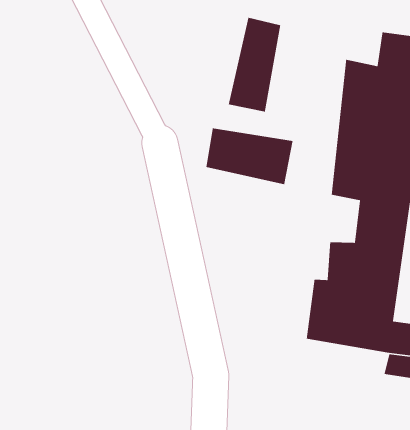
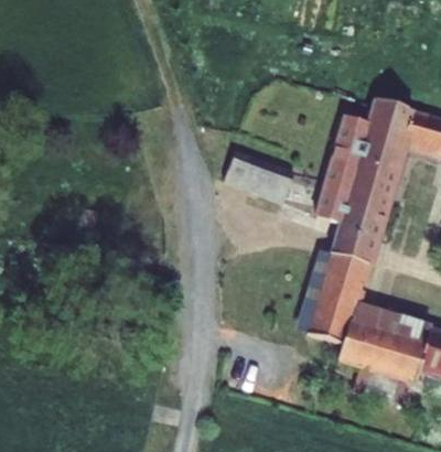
building: [228,17,281,112] -> none

